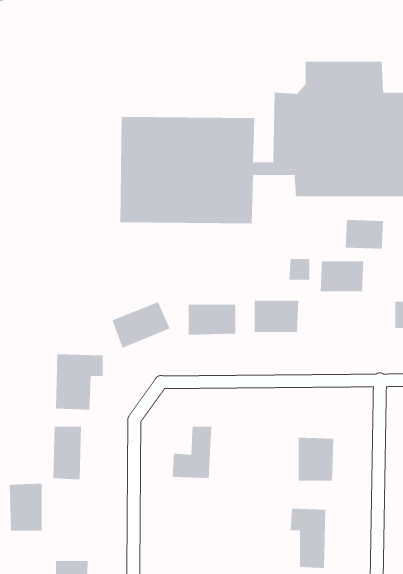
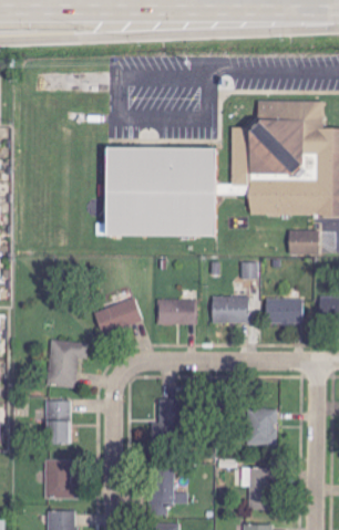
building: [320,261,364,292] -> [266,299,302,324]
building: [9,483,42,531] -> [44,459,72,499]
building: none -> [150,468,187,516]

